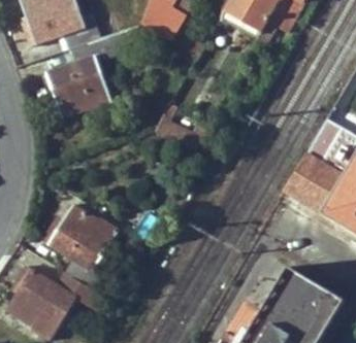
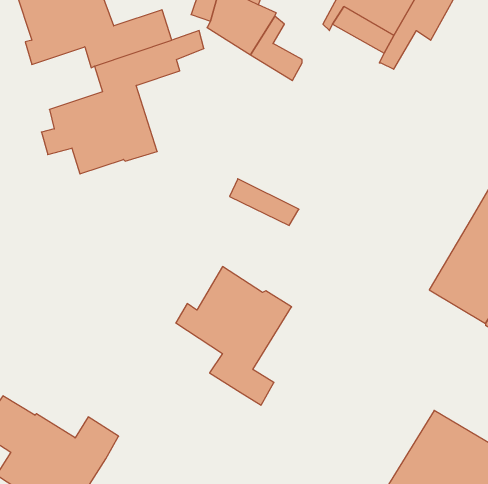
building: [44,203,119,291] -> [176,267,292,405]

